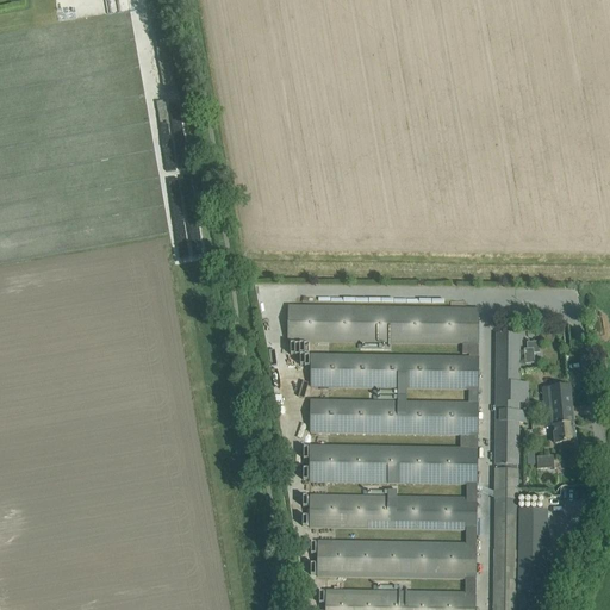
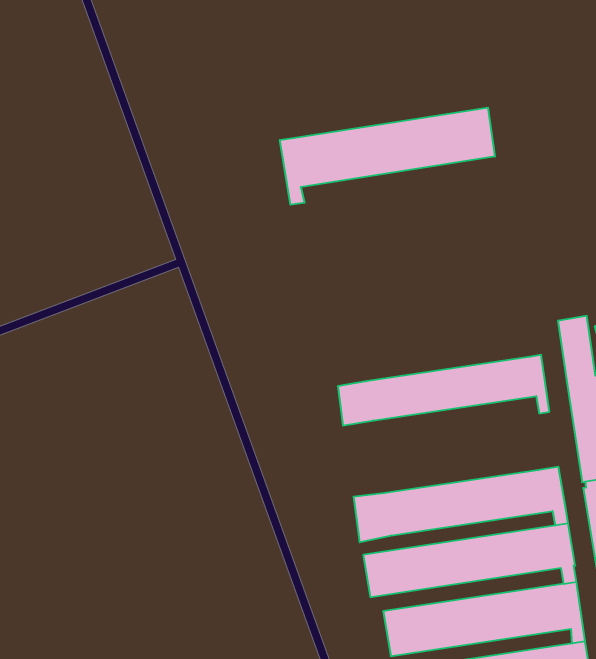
building: none -> [280,108,495,205]
building: [287,306,478,356] -> none
building: [309,399,477,448] -> none

